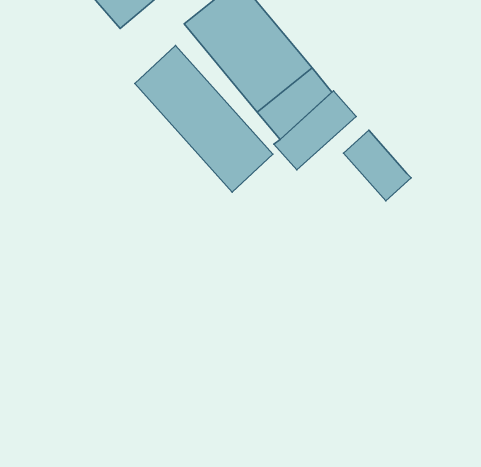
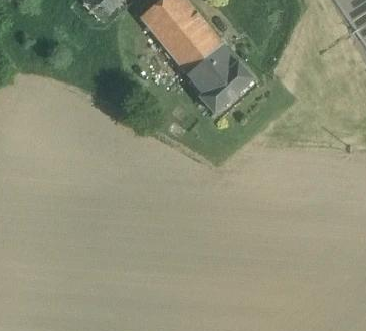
building: [135,46,273,192] -> none
building: [343,130,411,201] -> none

